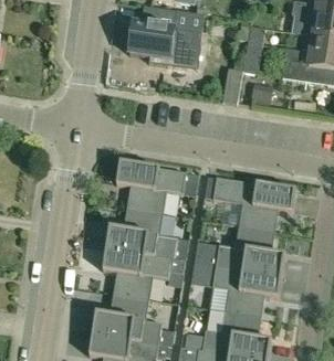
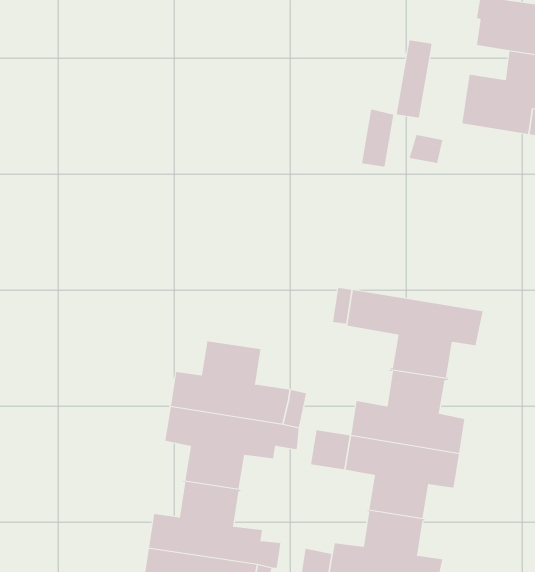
building: [127,9,202,65] -> none
building: [115,161,186,213] -> none

